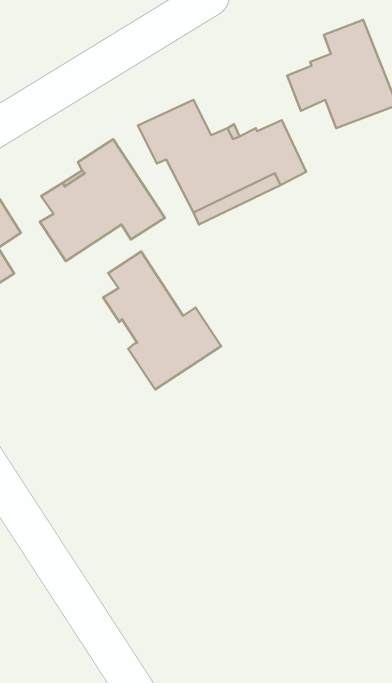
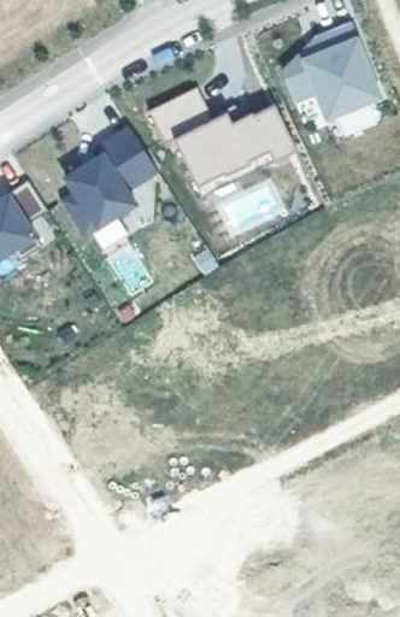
building: [103,252,221,390] -> none

